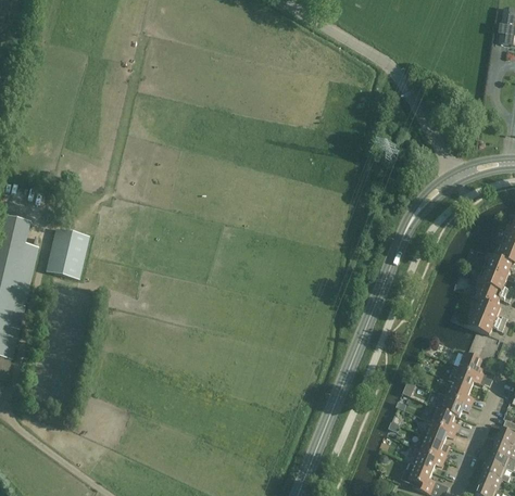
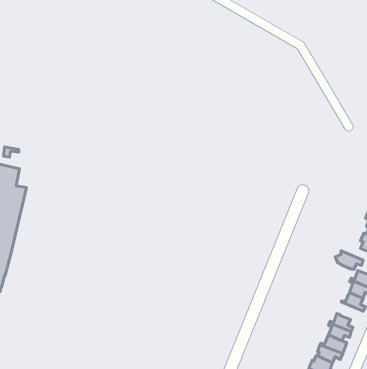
building: [50,229,87,279] -> none
building: [434,392,469,416] -> [335,251,363,270]

